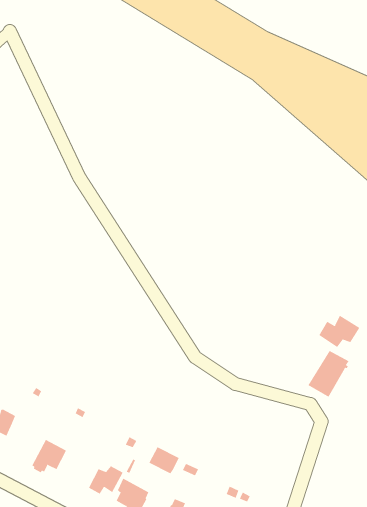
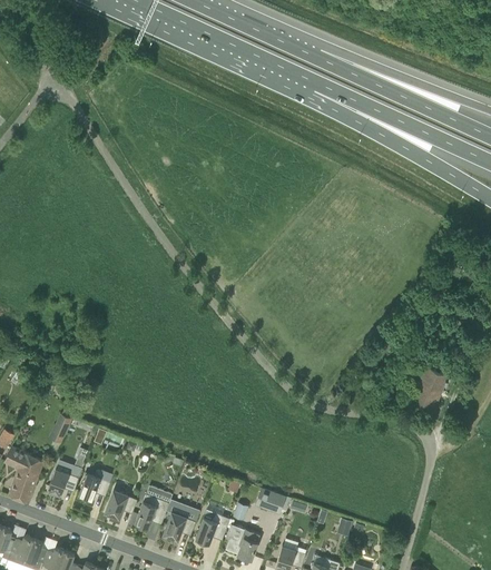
building: [319,315,360,348] -> none
building: none -> [105,489,137,517]
building: none -> [163,511,195,539]

